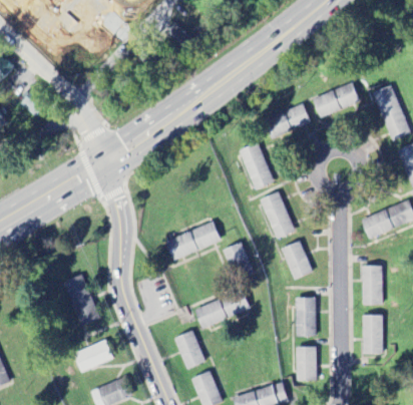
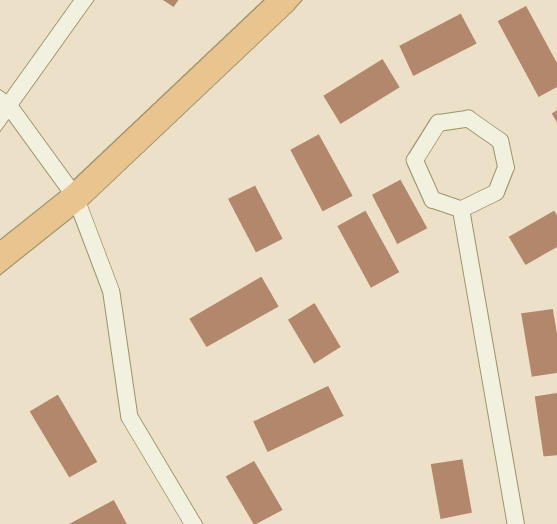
building: none -> [227,185,284,253]
building: [282,241,313,280] -> [371,178,428,245]
building: [295,297,316,337] -> none

